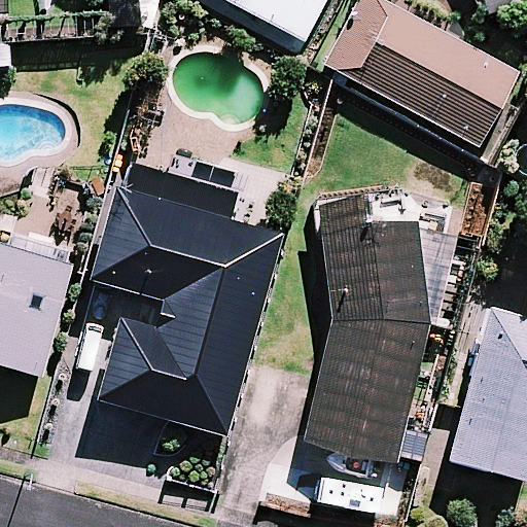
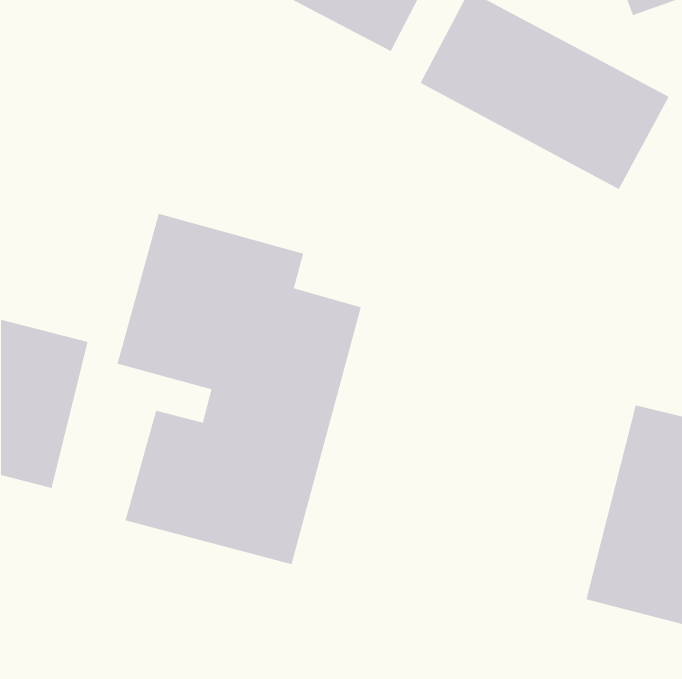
building: [305,207,423,463] -> none

